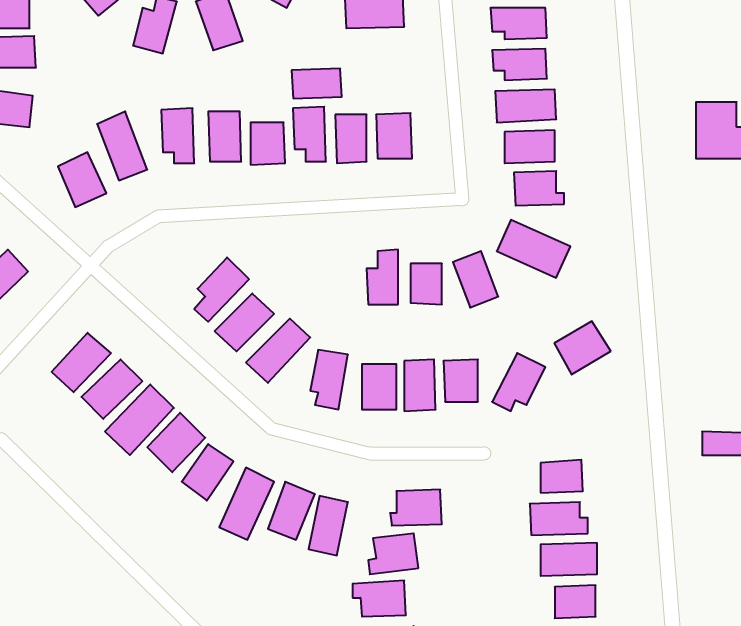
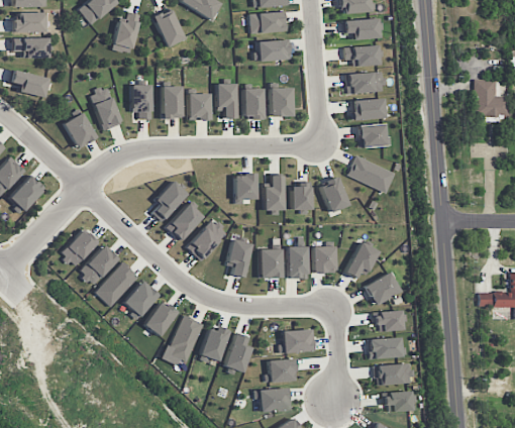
building: [292,69,342,98] -> [258,39,290,59]
building: none -> [234,174,258,200]
building: [554,321,611,375] -> [365,272,401,306]

